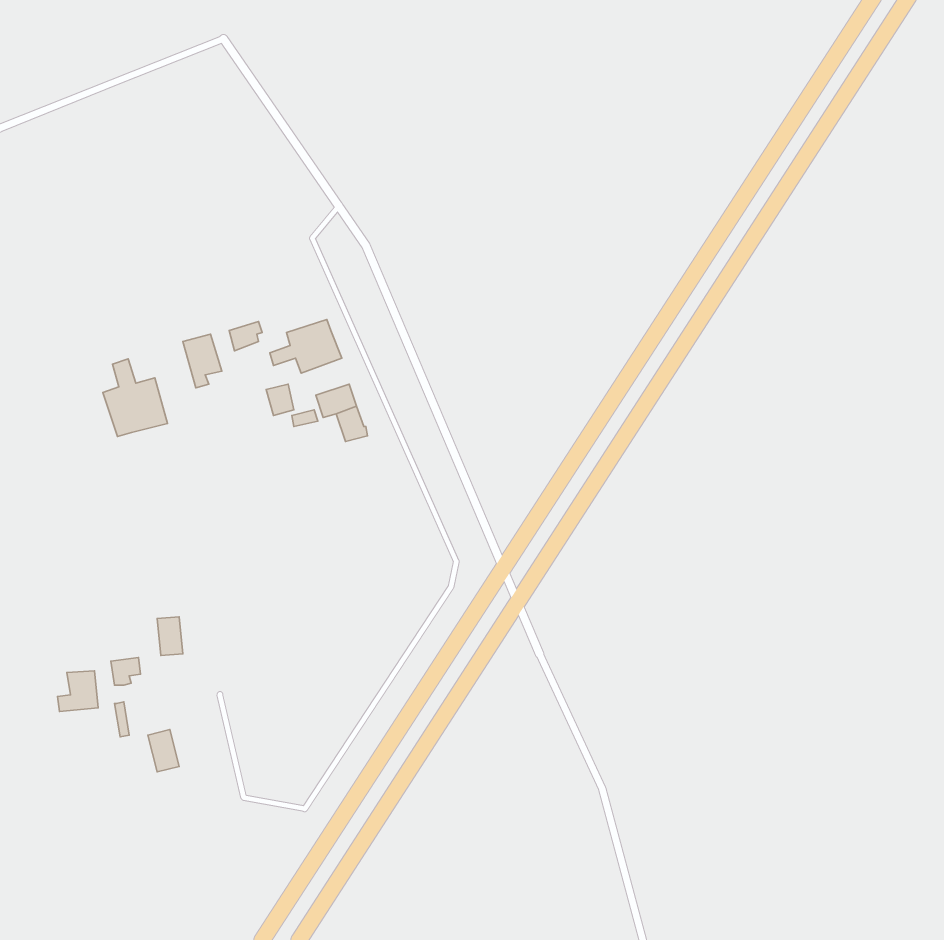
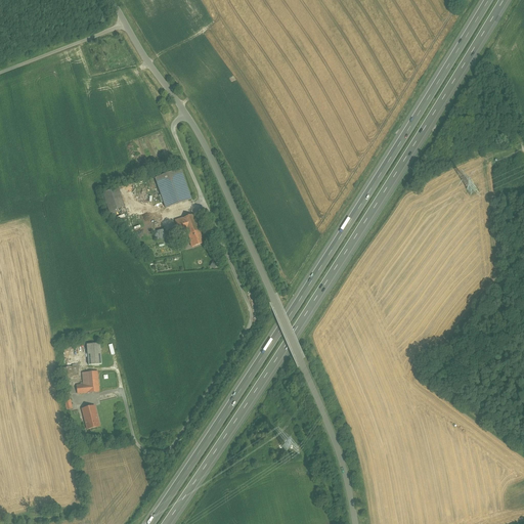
building: [103,359,167,437] -> none
building: [58,671,98,711] -> [77,369,99,392]

